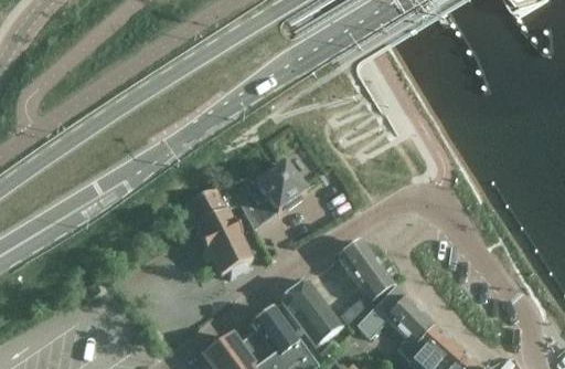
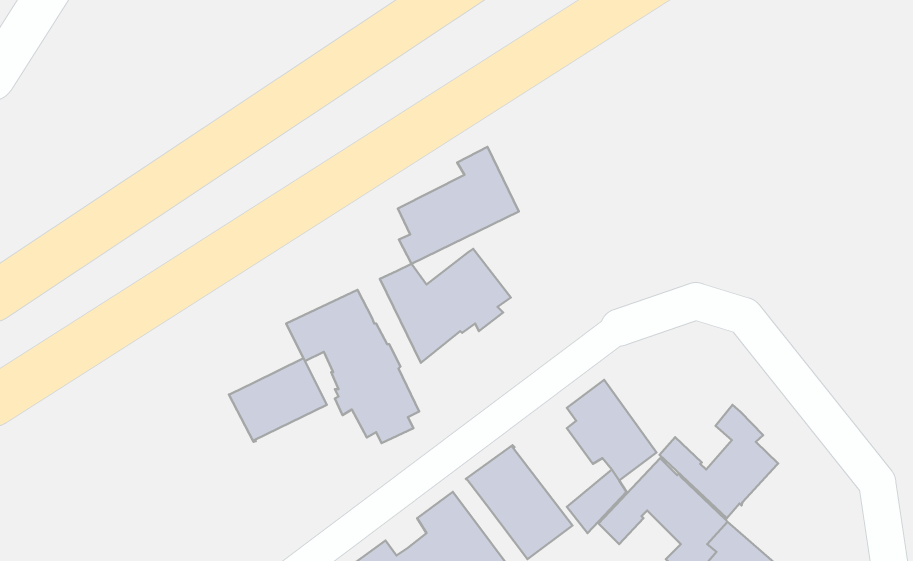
building: none -> [398,147,519,264]
building: none -> [229,358,327,442]
building: none -> [660,405,778,518]

